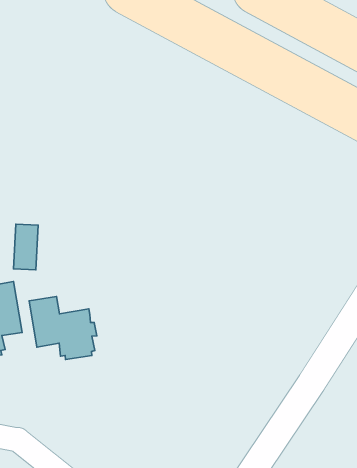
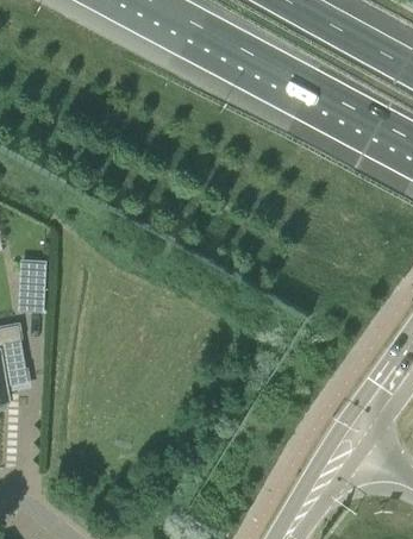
building: [29,297,97,360] -> none

